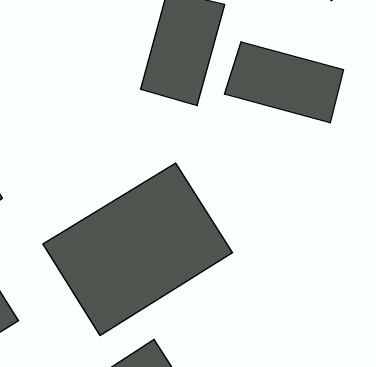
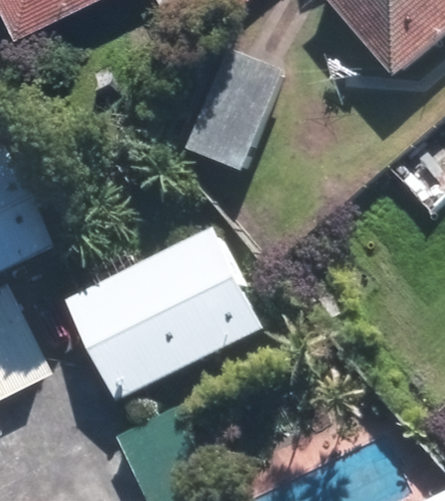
building: [225,42,344,123] -> none

